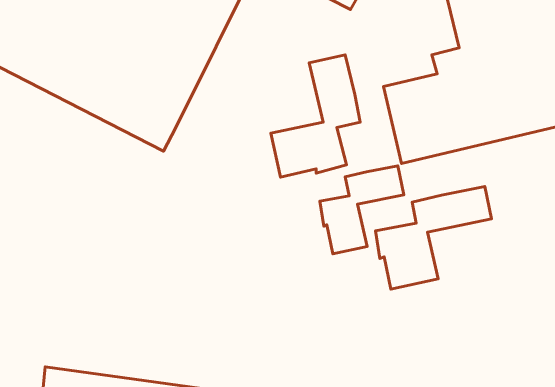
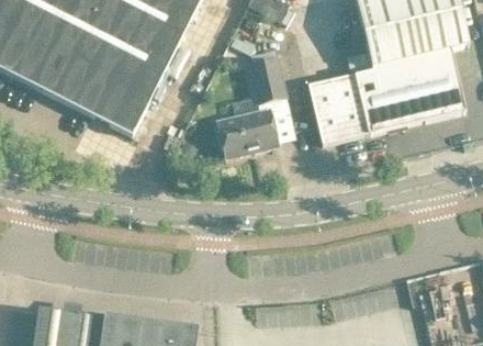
building: [320,166,404,254] -> none
building: [376,187,491,289] -> none

